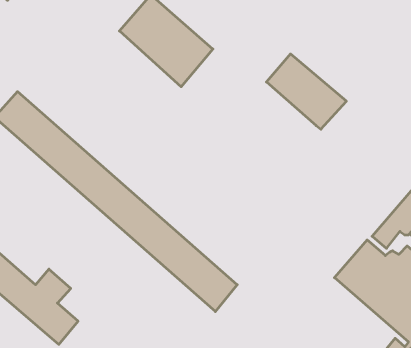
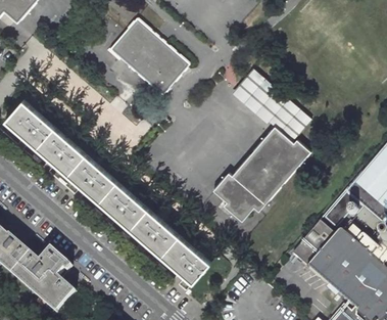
building: none -> [213,104,312,219]

